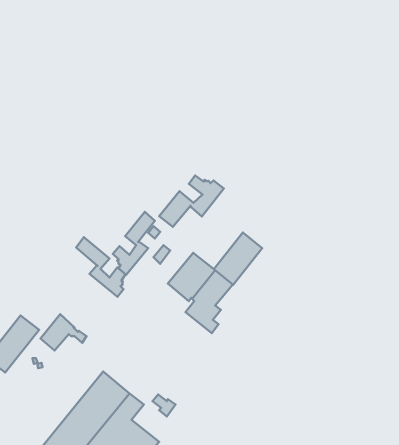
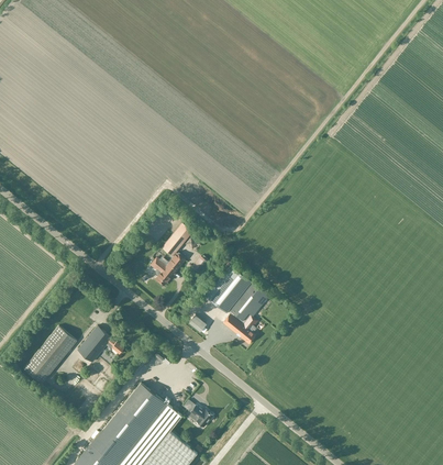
building: [159,176,224,227] -> none
building: [214,233,262,285] -> none
building: [76,237,126,297] -> none

